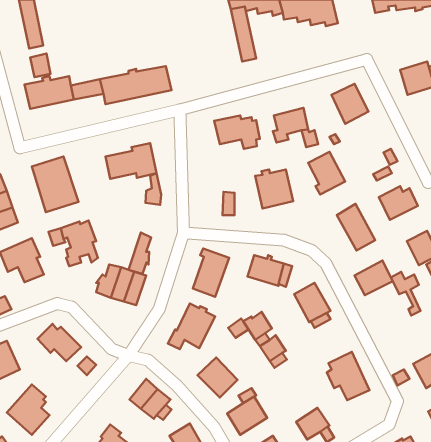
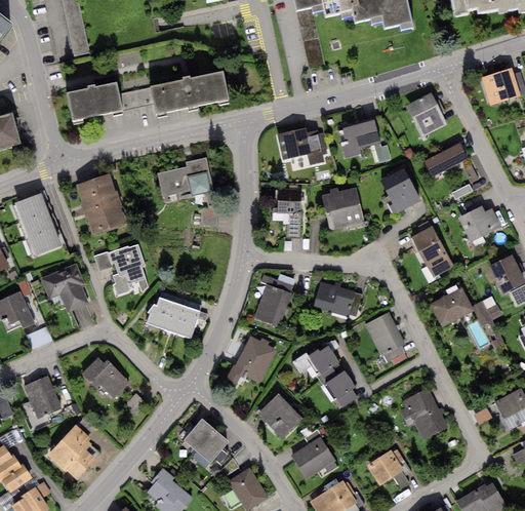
building: [30,54,51,77] -> none
building: none -> [425,143,468,175]
building: none -> [277,187,300,212]
building: [129,233,151,274] -> none

